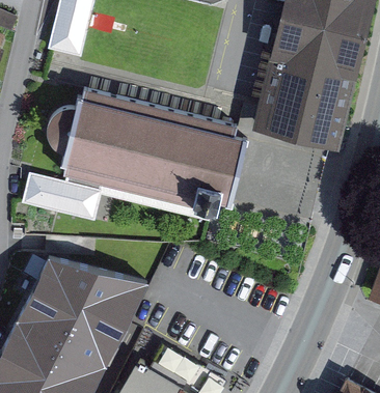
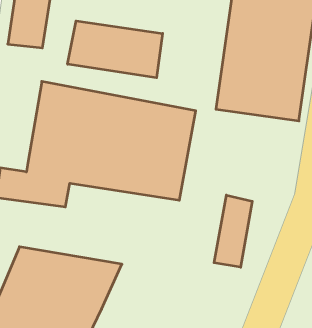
building: none -> [68,21,163,78]
building: none -> [214,195,252,267]

